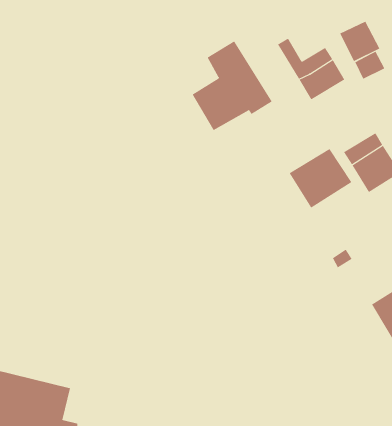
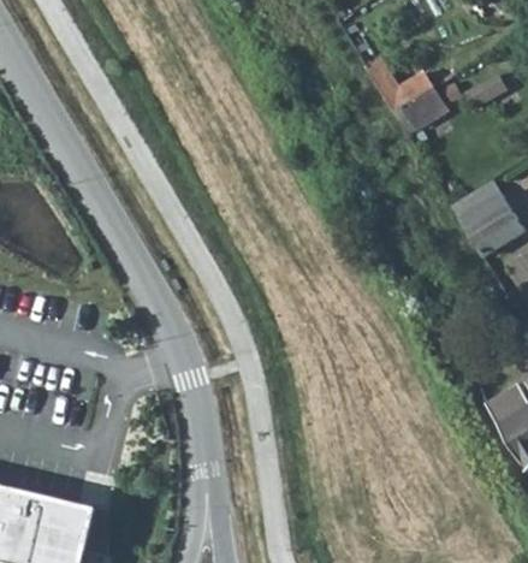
building: [340,21,380,62] -> none
building: [192,41,273,131] -> none
building: [289,148,352,208] -> none

